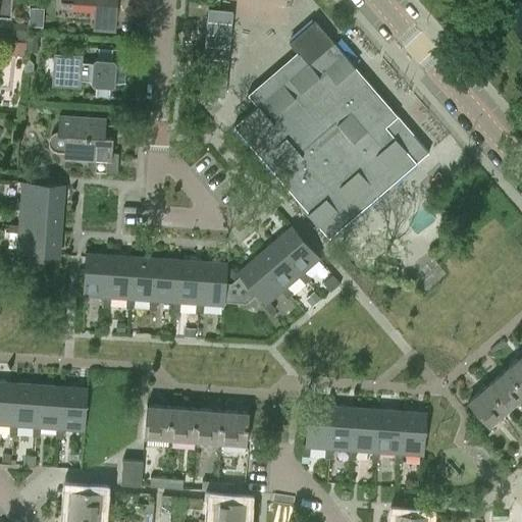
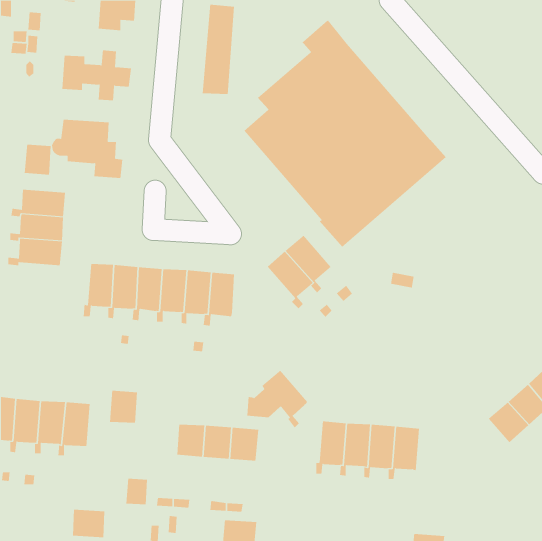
building: none -> [24,144,51,175]
building: [224,258,283,314] -> [247,370,308,428]
building: [145,407,172,438] -> [109,390,138,423]
building: [396,413,427,464] -> none

